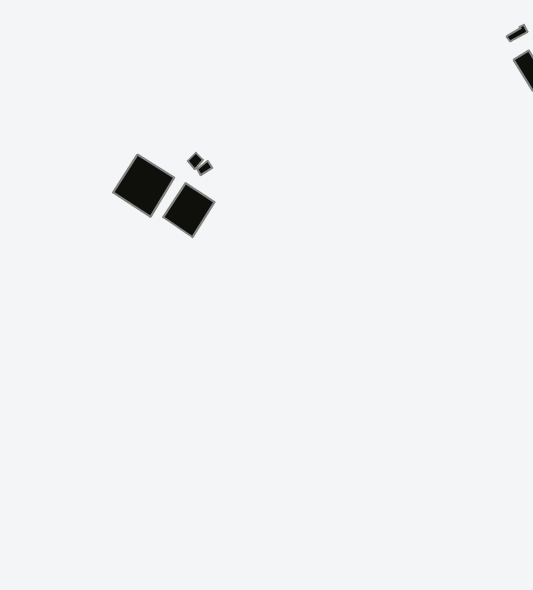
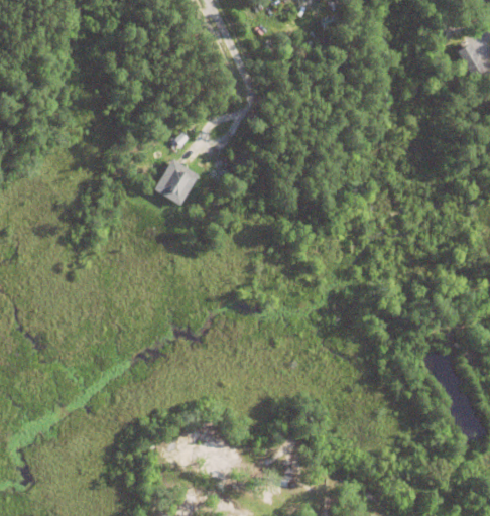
building: [113,155,174,217] -> none

